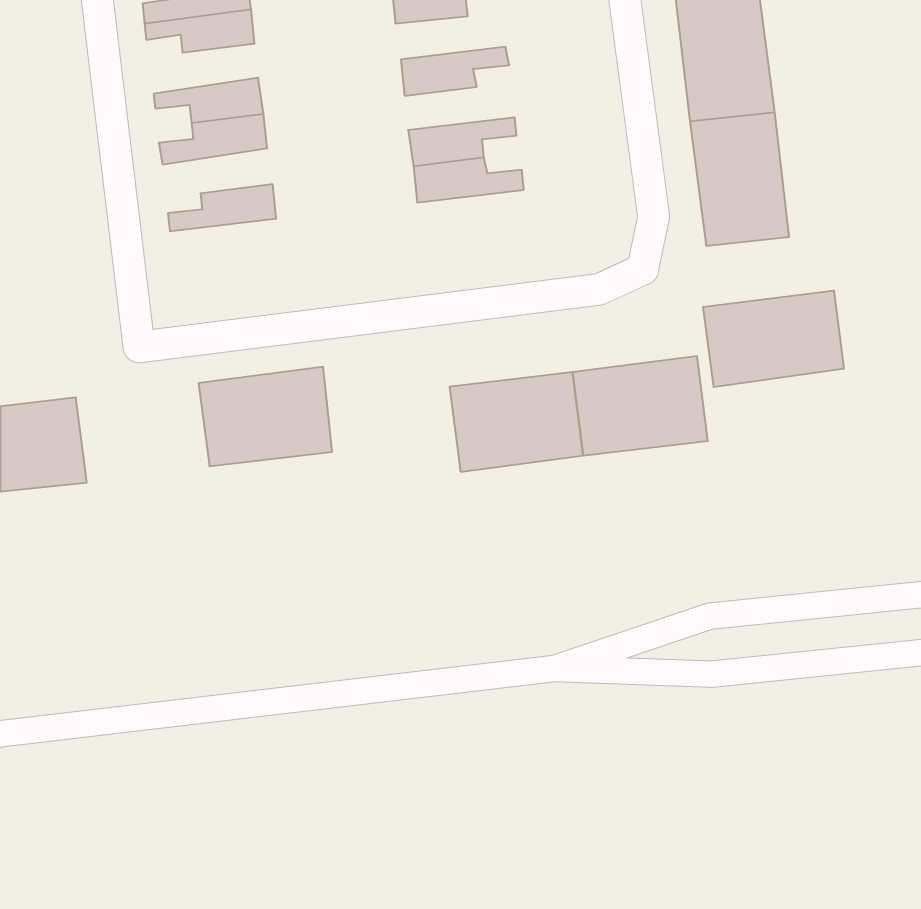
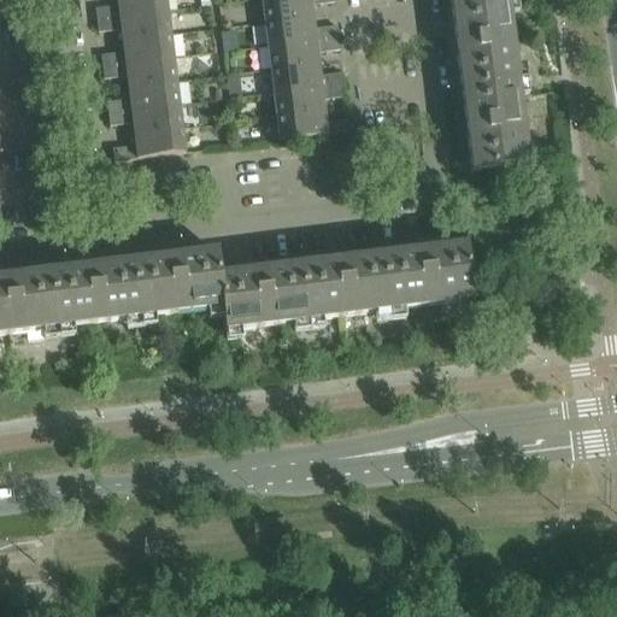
building: none -> [265,11,339,40]
building: none -> [101,29,174,63]
building: none -> [271,58,345,87]
building: none -> [110,99,183,129]
building: [703,290,844,387] -> none
building: none -> [52,255,141,322]
building: none -> [219,258,308,324]

